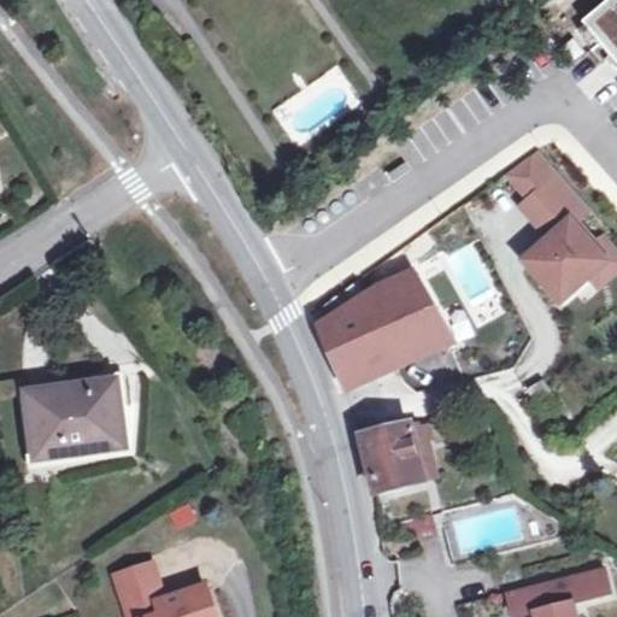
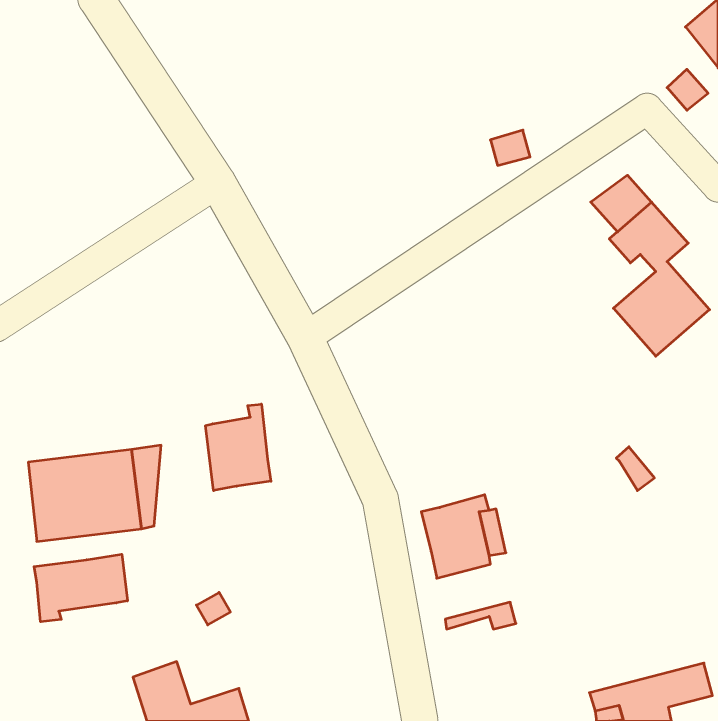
building: [317,271,452,389] -> none
building: none -> [206,404,271,491]
building: none -> [34,554,127,622]

